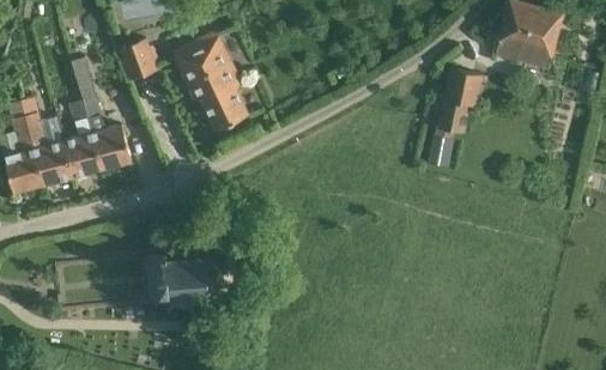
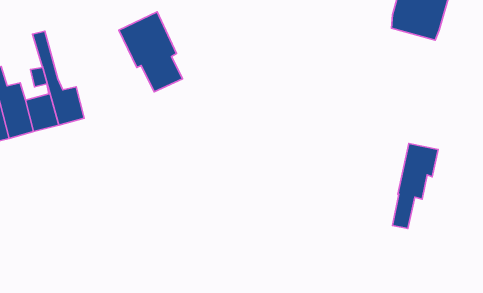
building: [117,38,158,81] -> none
building: [429,68,483,169] -> [393,144,438,229]
building: [145,254,223,303] -> none

